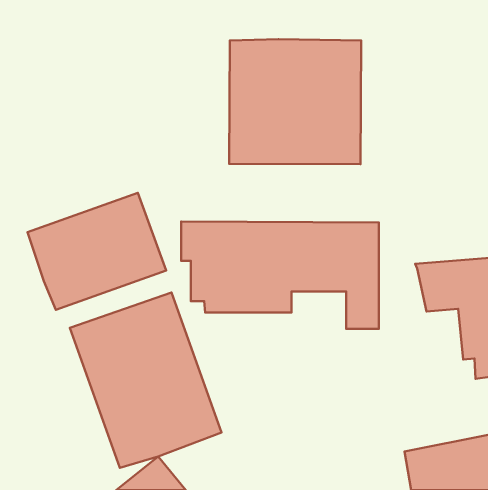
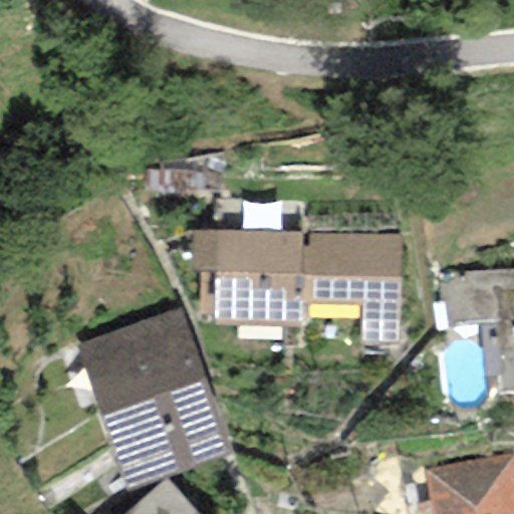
building: [229,39,361,164] -> none
building: [27,193,166,310] -> none

